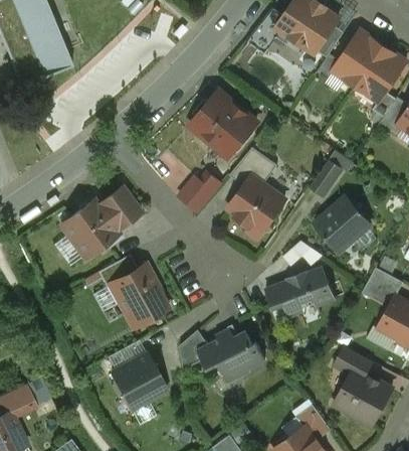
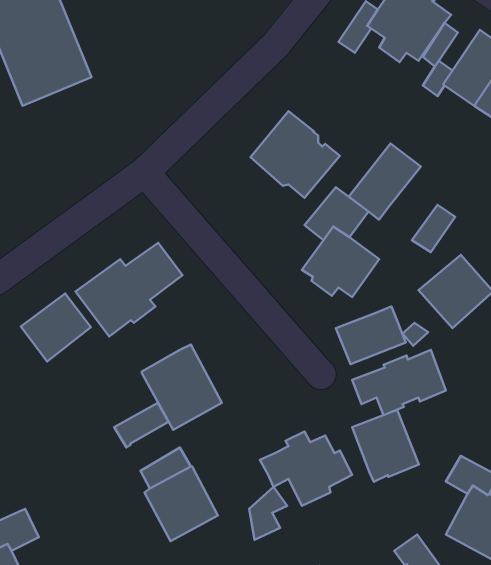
building: none -> [349,144,421,219]
building: [179,167,223,209] -> none
building: none -> [21,293,91,361]
building: none -> [336,306,406,364]
building: [97,254,138,287] -> [114,403,169,448]
building: none -> [352,410,419,482]
building: [180,330,208,369] -> [249,487,287,540]

